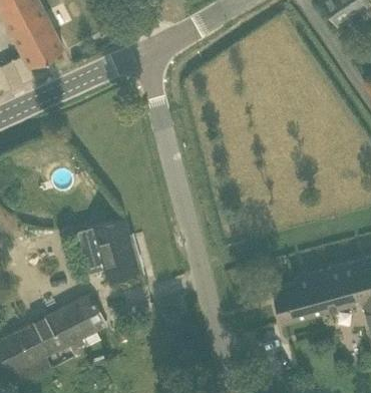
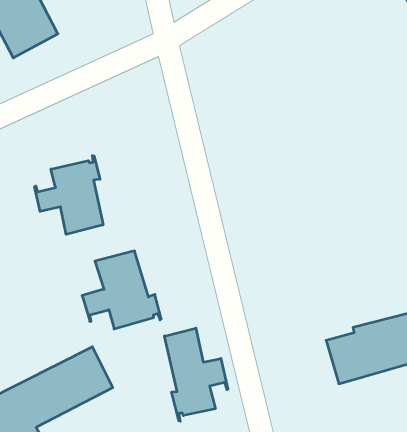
building: none -> [35,156,103,234]
building: none -> [164,328,228,421]

